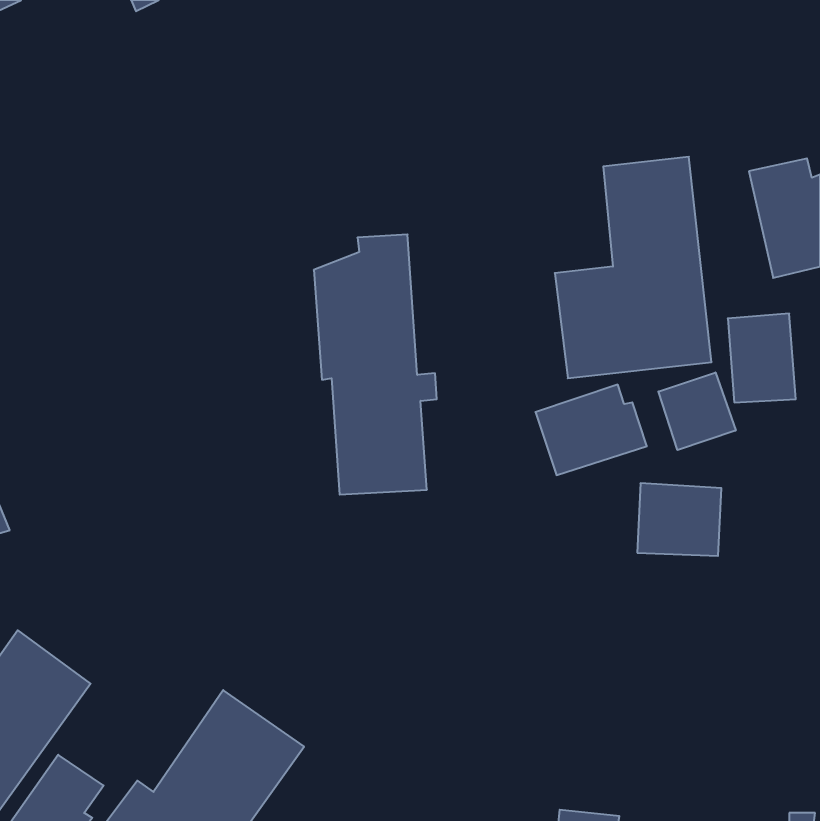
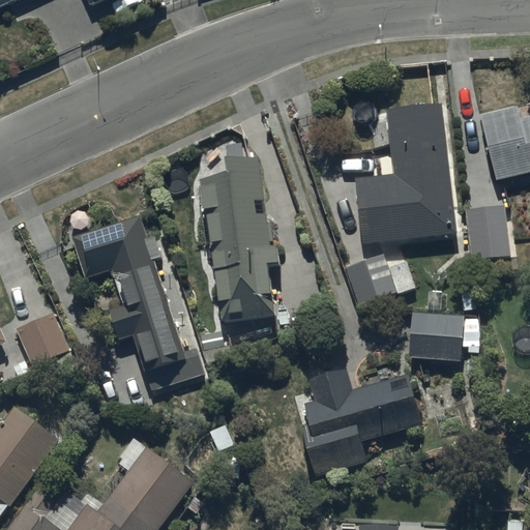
building: none -> [71,215,201,391]
building: [658,372,736,450] -> none
building: none -> [16,313,68,367]
building: none -> [302,369,421,477]

